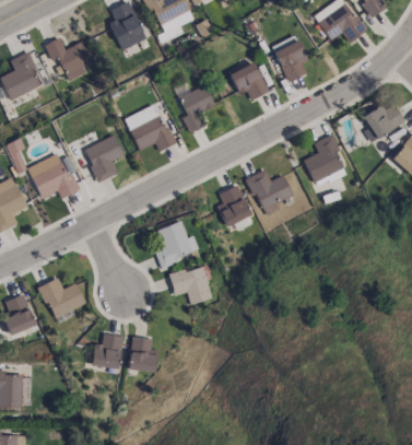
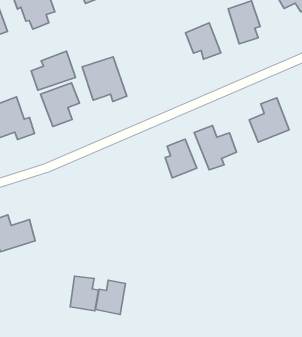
building: [179,84,215,133] -> none
building: none -> [31,51,76,90]
building: [154,221,200,266] -> none
building: [168,265,213,304] -> none
building: [93,333,122,368] -> [96,280,126,315]

